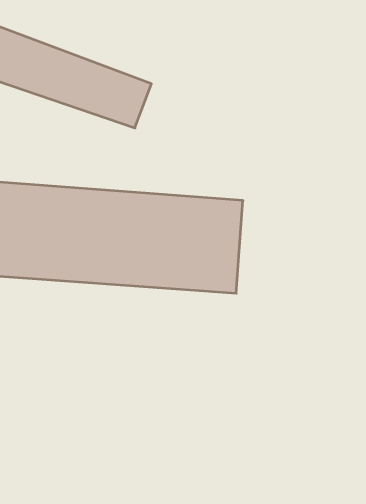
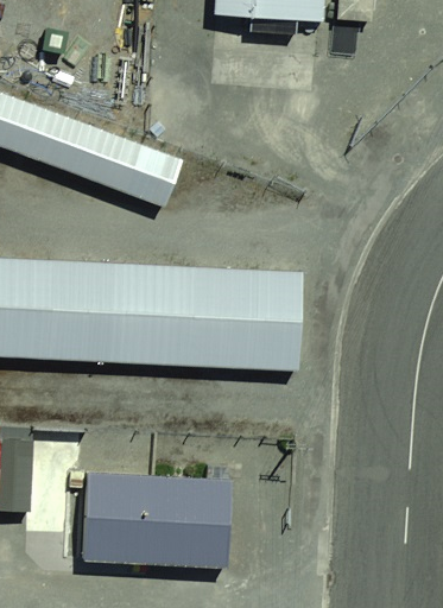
building: none -> [65,474,232,569]

